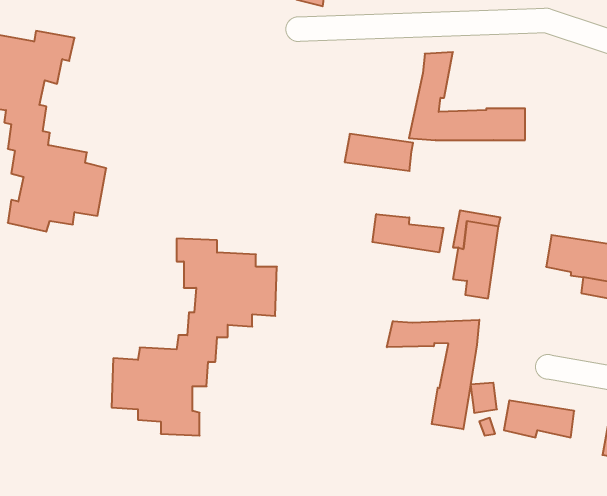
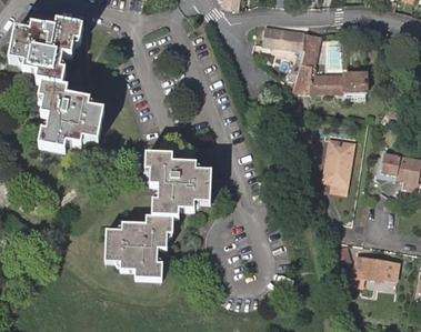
building: [345,134,413,171] -> [261,29,304,52]
building: [372,214,444,252] -> none
building: [387,320,479,429] -> none

